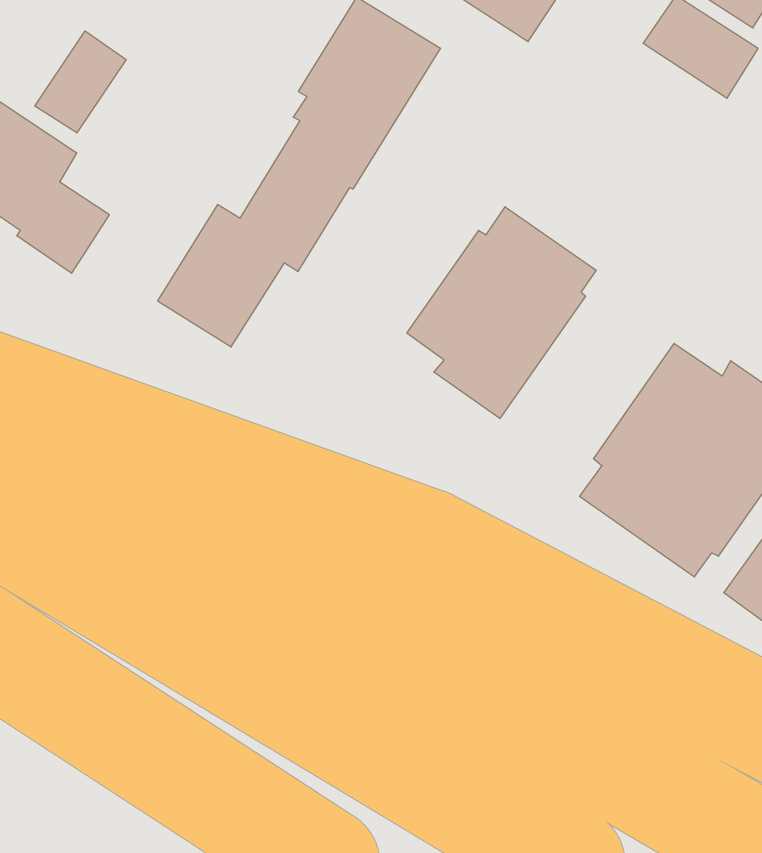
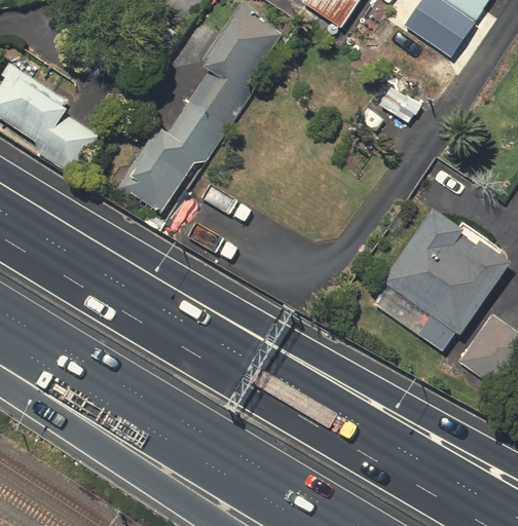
building: [35,31,126,133] -> none
building: [407,207,596,419] -> none

